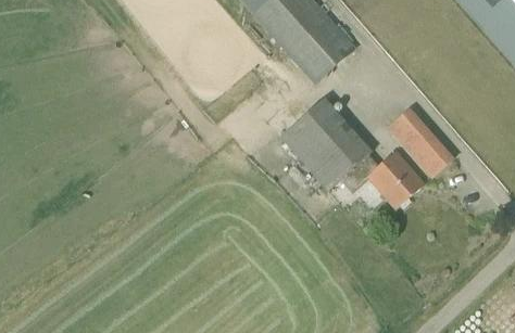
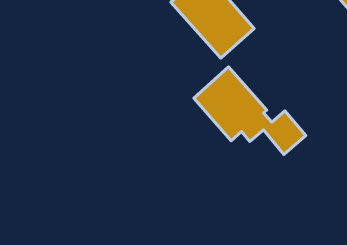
building: [386,106,454,178] -> none

